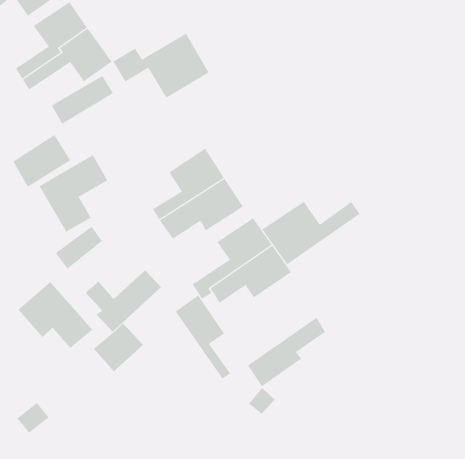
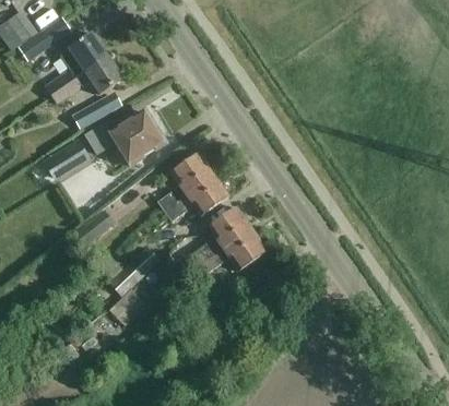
building: [112,33,210,99] -> [84,111,162,164]
building: [262,201,360,265] -> none
building: [17,281,93,349] -> none
building: [175,295,231,380] -> none
building: [247,317,326,387] -> none

